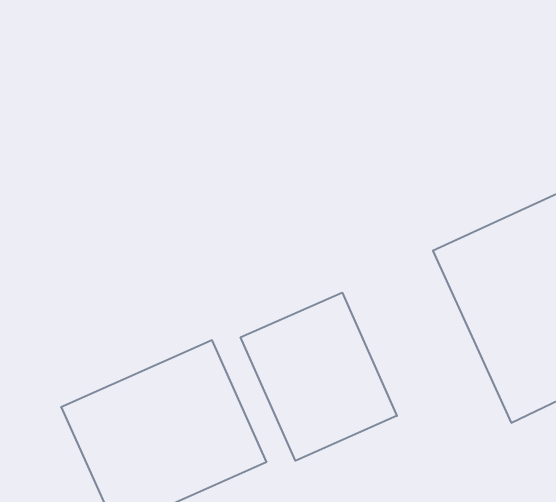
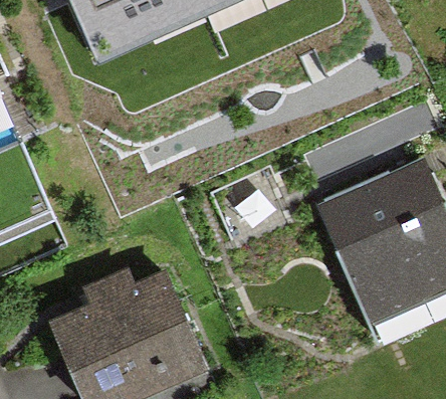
building: [241,293,397,461] -> none

